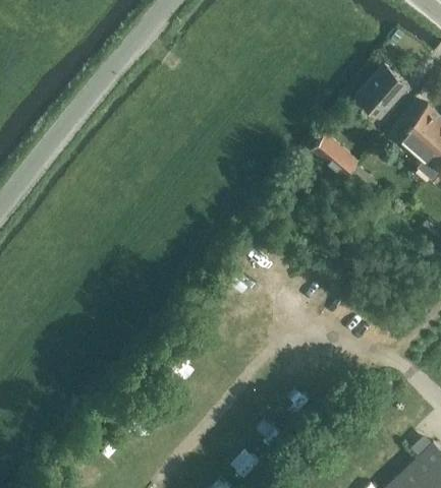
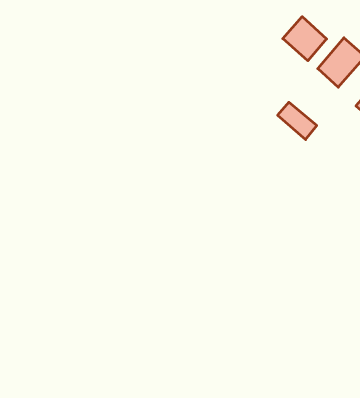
building: none -> [283,17,327,61]

